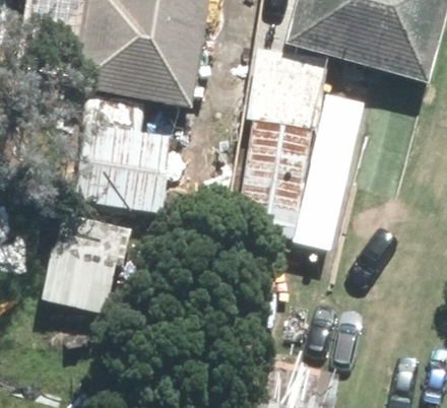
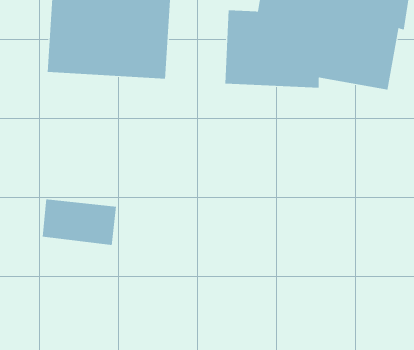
building: [235,118,312,244] -> none
building: [74,120,170,206] -> none

